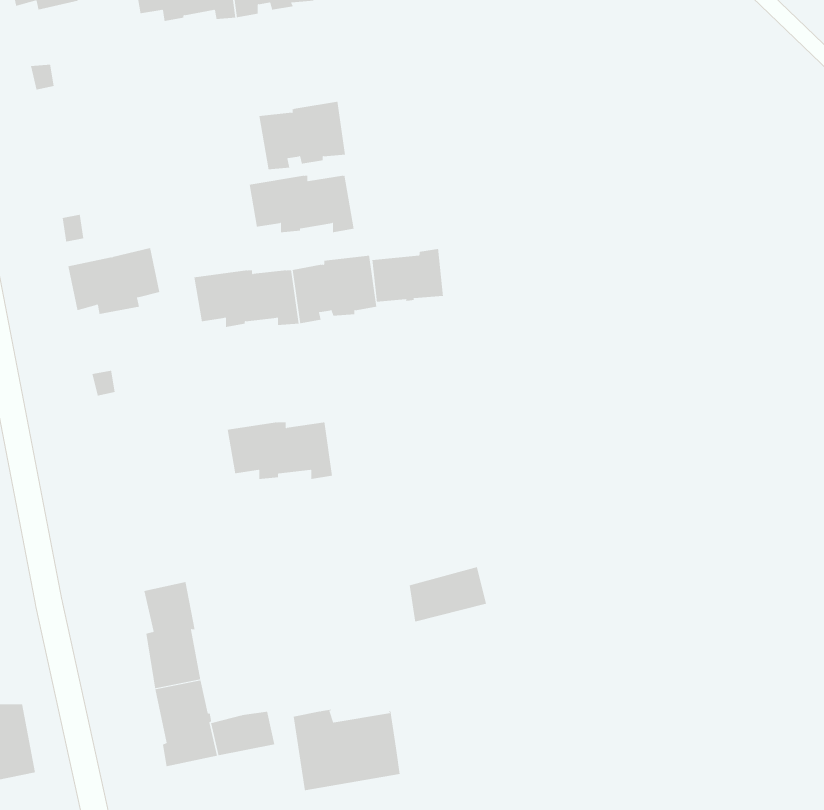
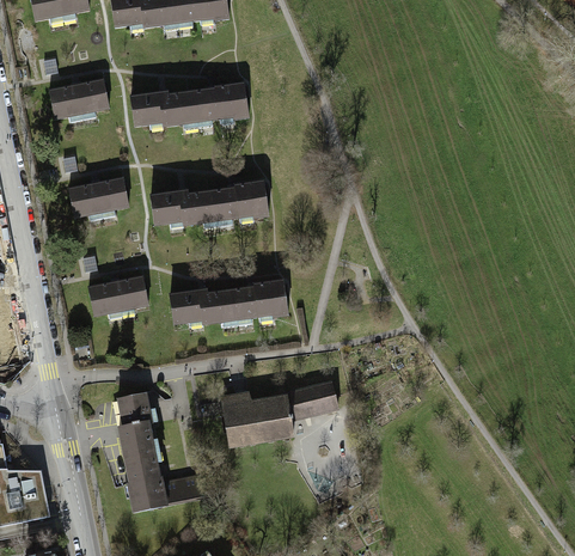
building: none -> [48,78,109,121]
building: [249,175,355,233] -> [129,91,197,128]
building: [372,248,443,302] -> none
building: none -> [87,274,147,317]
building: none -> [234,279,289,323]
building: [293,709,401,791] -> [225,392,294,445]

